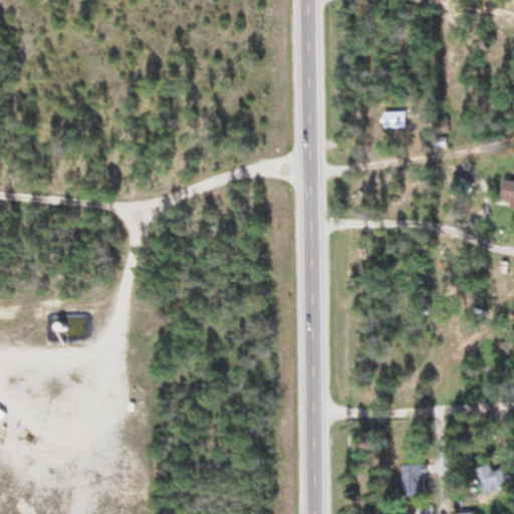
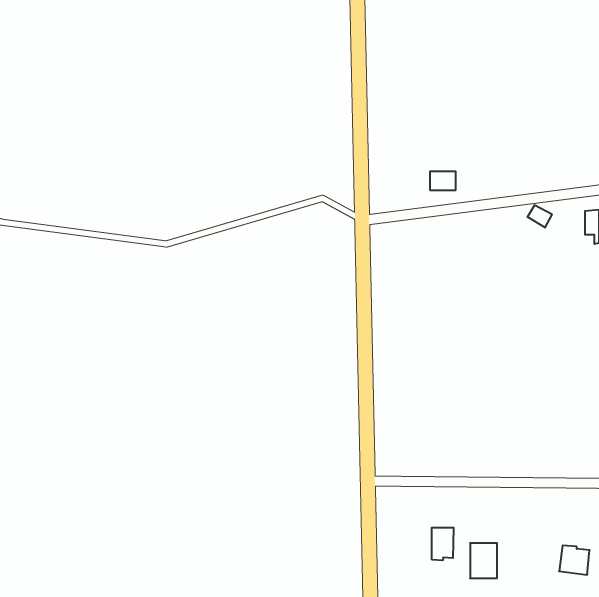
building: [382,111,405,127] -> [430,171,456,190]
building: none -> [432,528,454,560]

